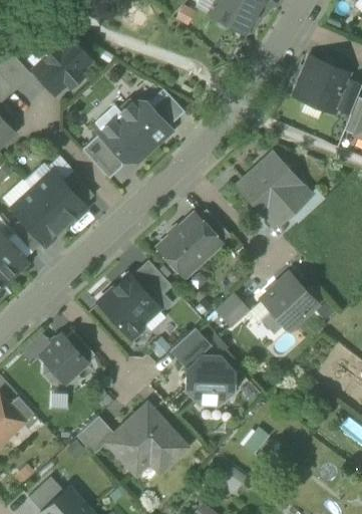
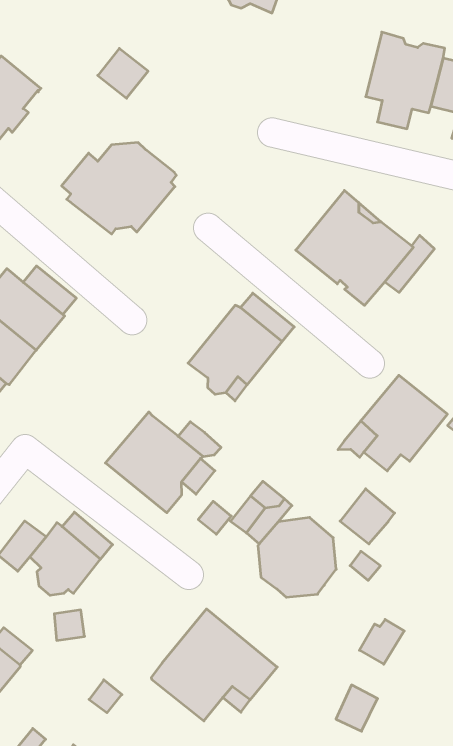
building: [151,93,184,125] -> [98,48,148,98]
building: [83,135,122,178] -> none
building: [131,261,170,292] -> none
building: [215,292,250,327] -> [340,489,395,544]
building: [76,416,114,455] -> none

